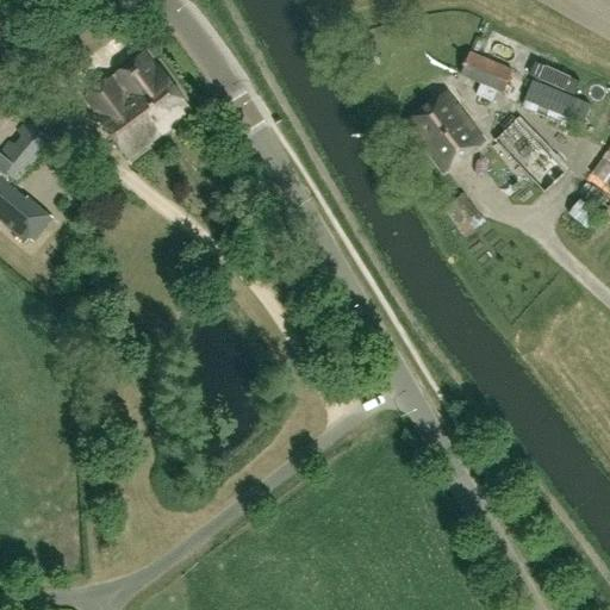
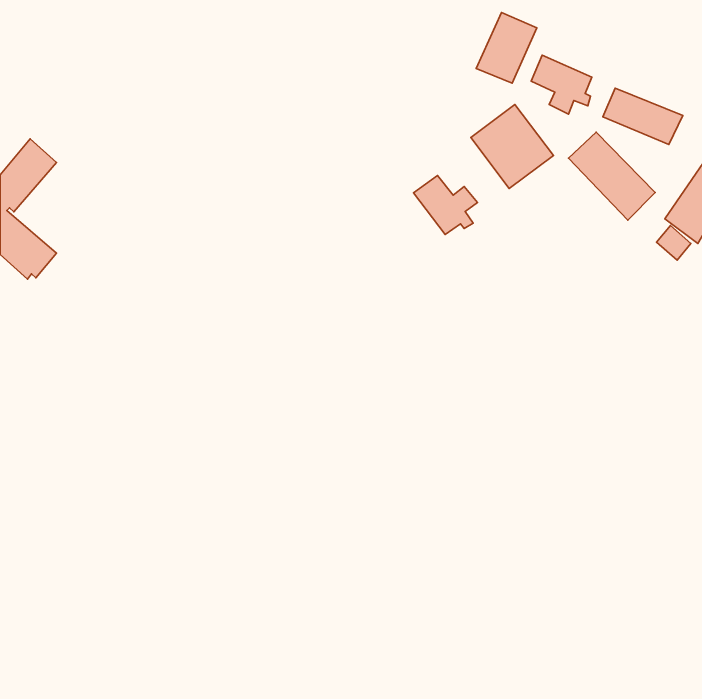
building: none -> [476,12,537,83]
building: [87,49,194,156] -> none
building: none -> [414,176,478,235]

